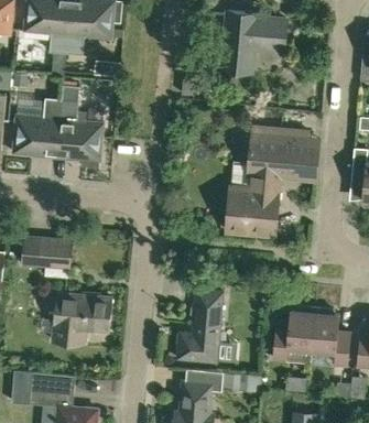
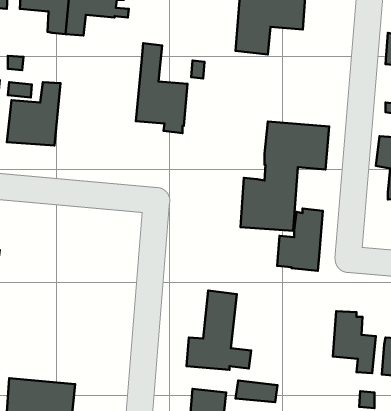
building: [56,85,104,167] -> [136,43,187,133]
building: [22,237,73,268] -> none
building: [53,293,112,344] -> none
building: [273,306,315,364] -> [277,208,323,271]

